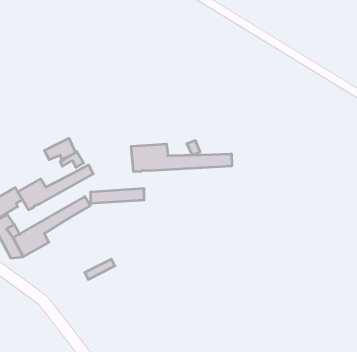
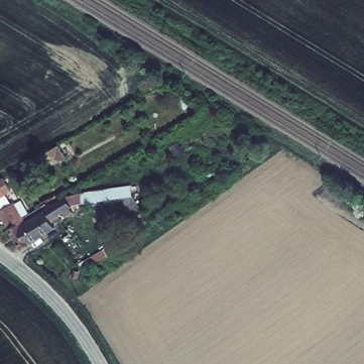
building: [131,144,232,172] -> none
building: [18,165,93,210] -> none

